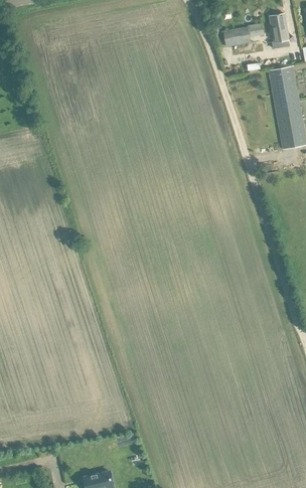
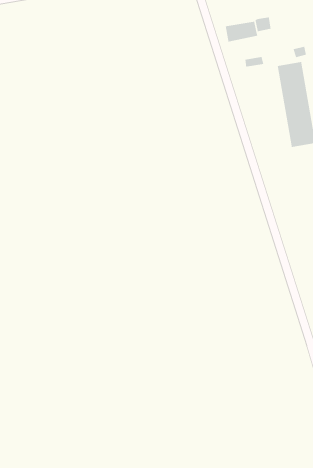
building: [269,13,288,42] -> none

